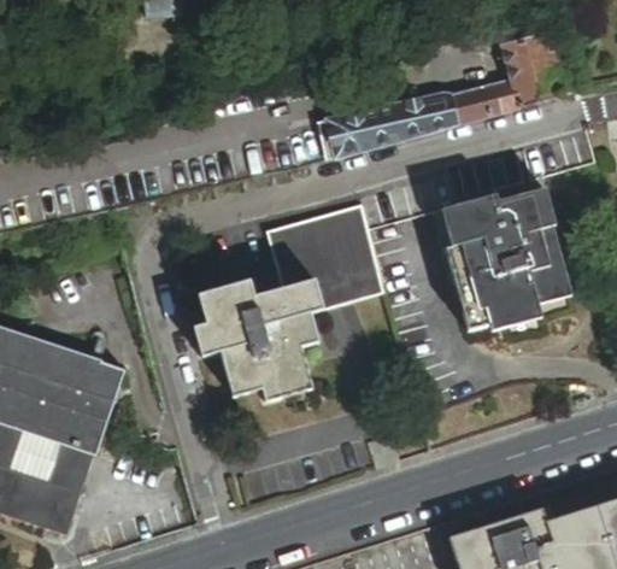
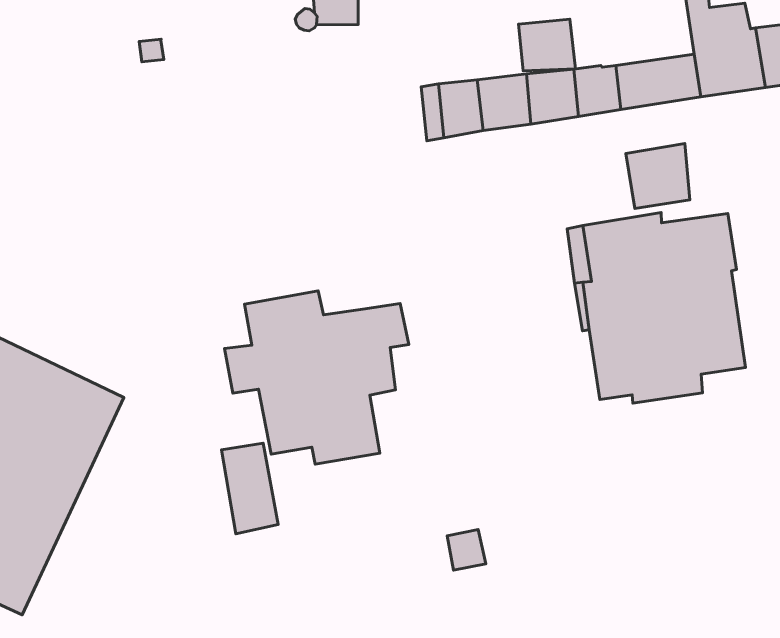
building: none -> [518,19,576,71]
building: none -> [626,143,690,208]
building: [271,203,386,309] -> none
building: none -> [222,443,278,534]

